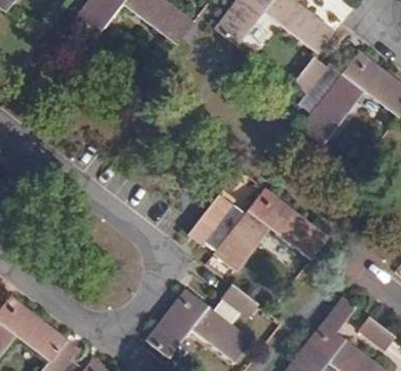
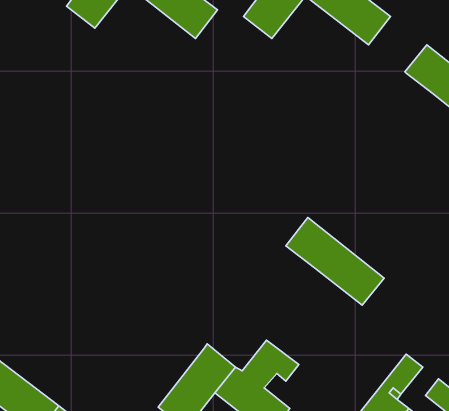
building: [294,58,365,145] -> none
building: [187,194,270,271] -> none

